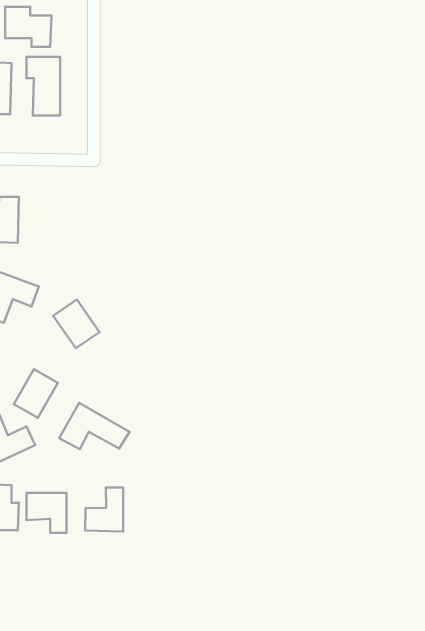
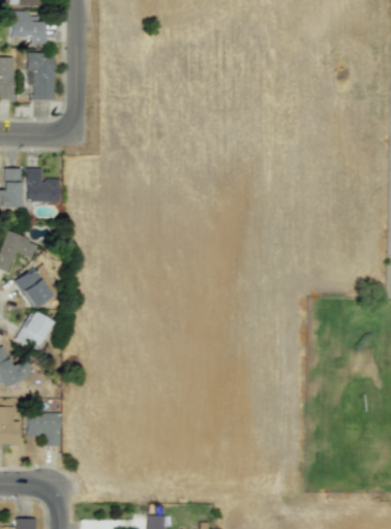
building: none -> [26,168,60,203]
building: [53,300,99,348] -> [14,269,53,309]
building: [59,403,129,449] -> none
building: [85,487,123,532] -> none

